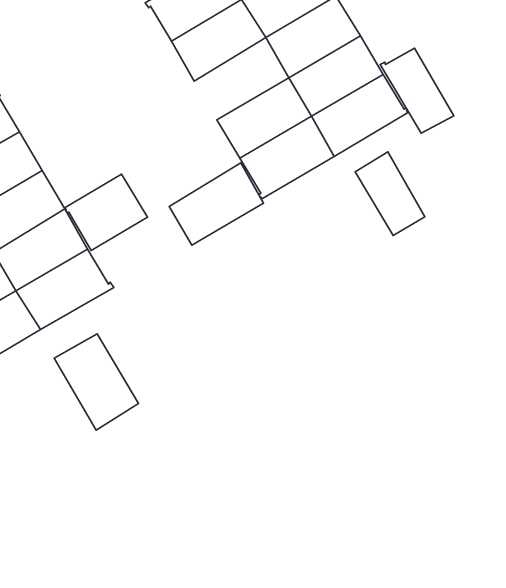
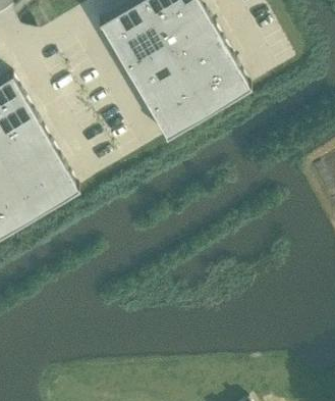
building: [380,48,454,133] -> none
building: [355,152,425,236] -> none
building: [169,163,264,245] -> [126,44,181,92]
building: [65,174,148,250] -> none
building: [54,334,139,430] -> none

